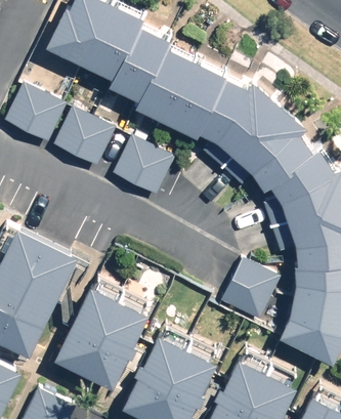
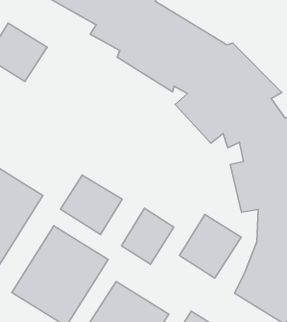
building: [53,110,115,168] -> none
building: [113,139,174,198] -> [60,175,122,234]
building: none -> [122,208,174,264]

